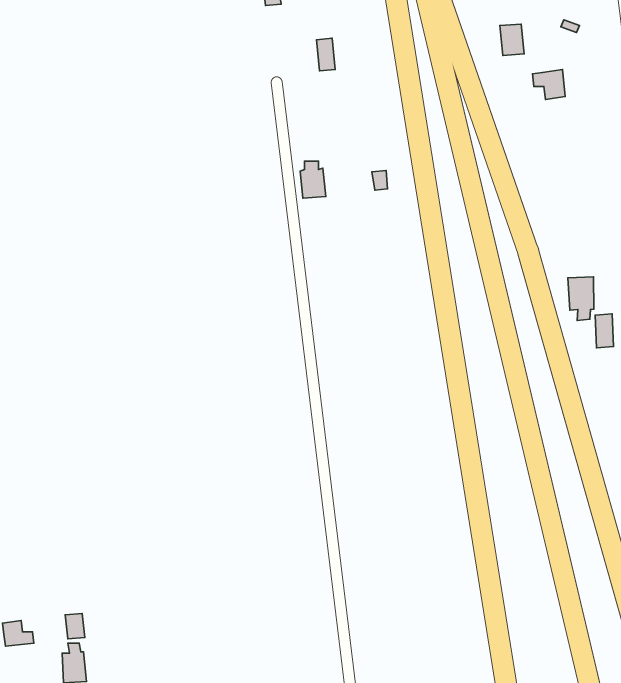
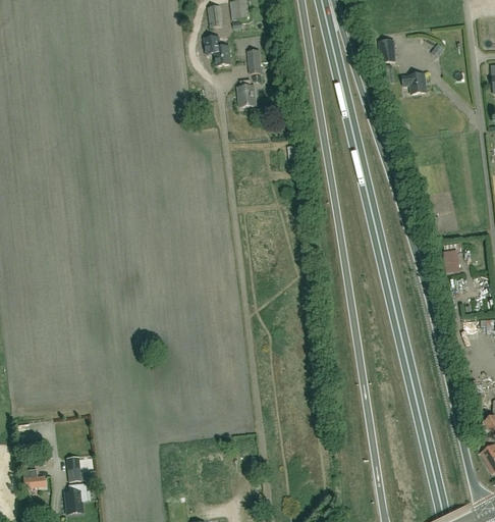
building: none -> [213,35,231,65]
building: [300,161,326,198] -> [237,80,256,106]
building: [568,277,594,320] -> none

